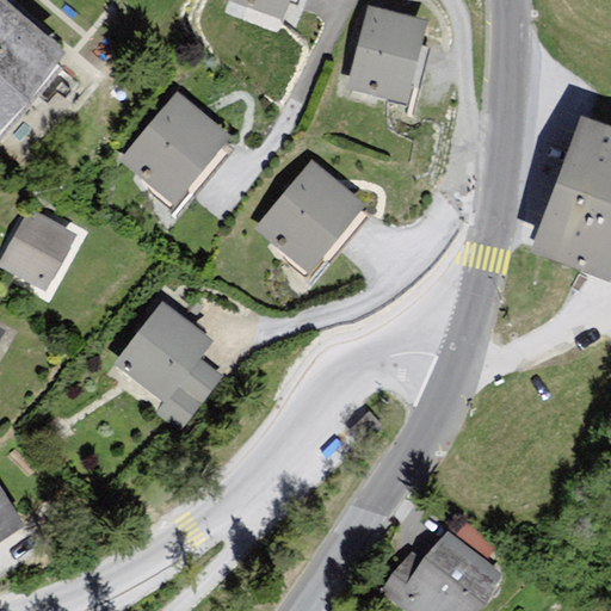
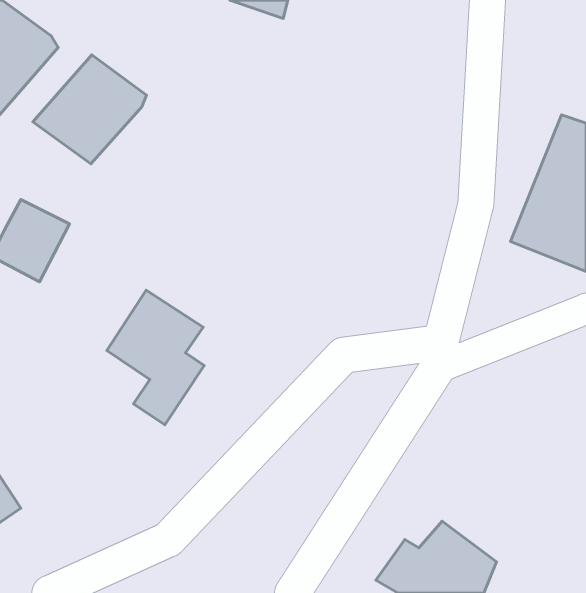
building: [352,7,437,103] -> none
building: [122,94,239,206] -> [33,55,147,164]
building: [258,162,374,271] -> none

